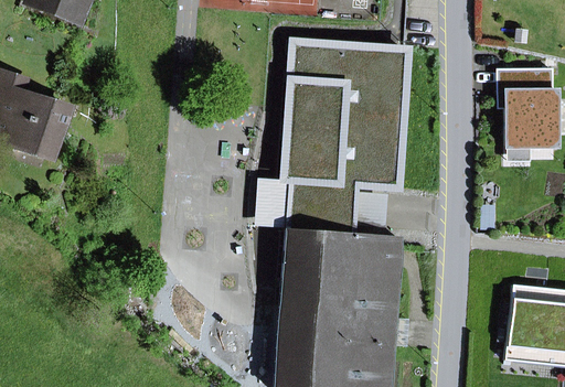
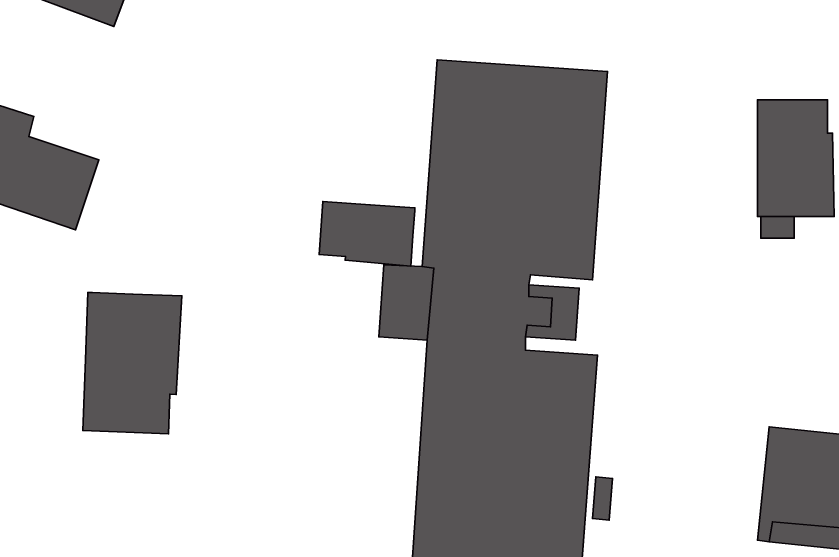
building: none -> [319,202,415,266]
building: none -> [83,292,182,434]

